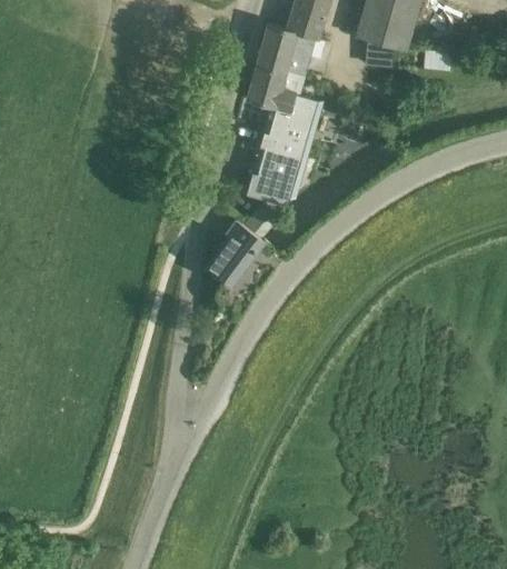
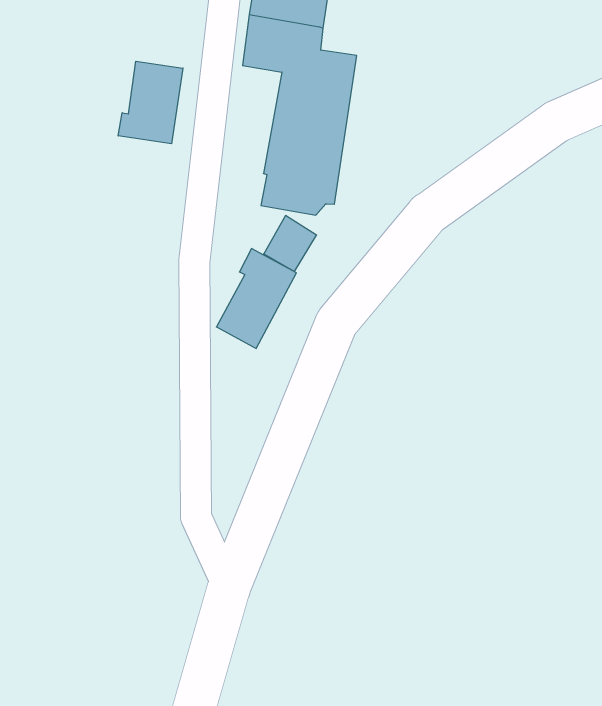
building: none -> [118,61,183,144]

